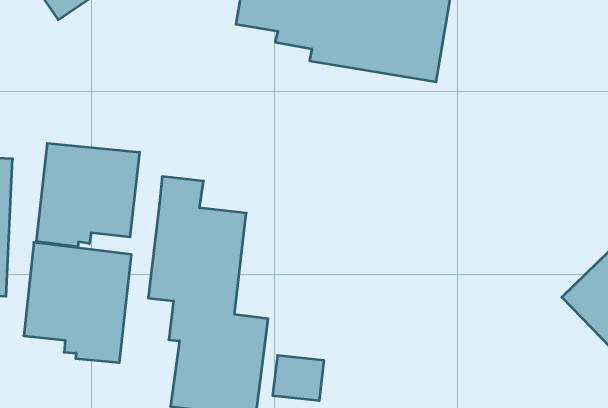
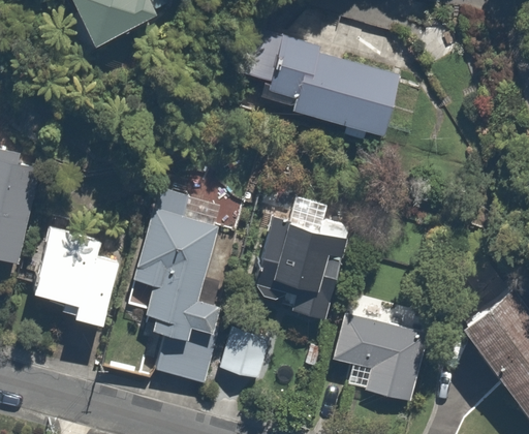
building: [37,143,140,247] -> none
building: none -> [250,195,355,321]
building: none -> [332,312,430,400]

